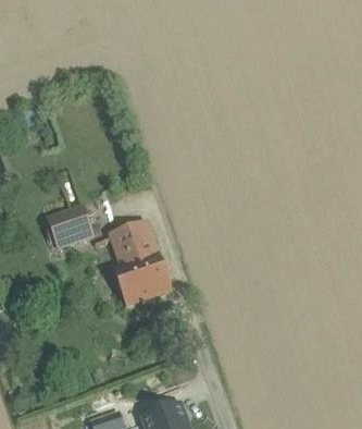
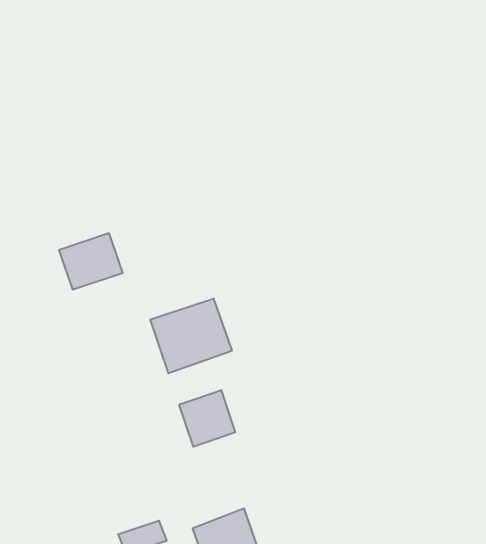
building: [109,219,159,265] -> none
building: none -> [179,390,235,447]

